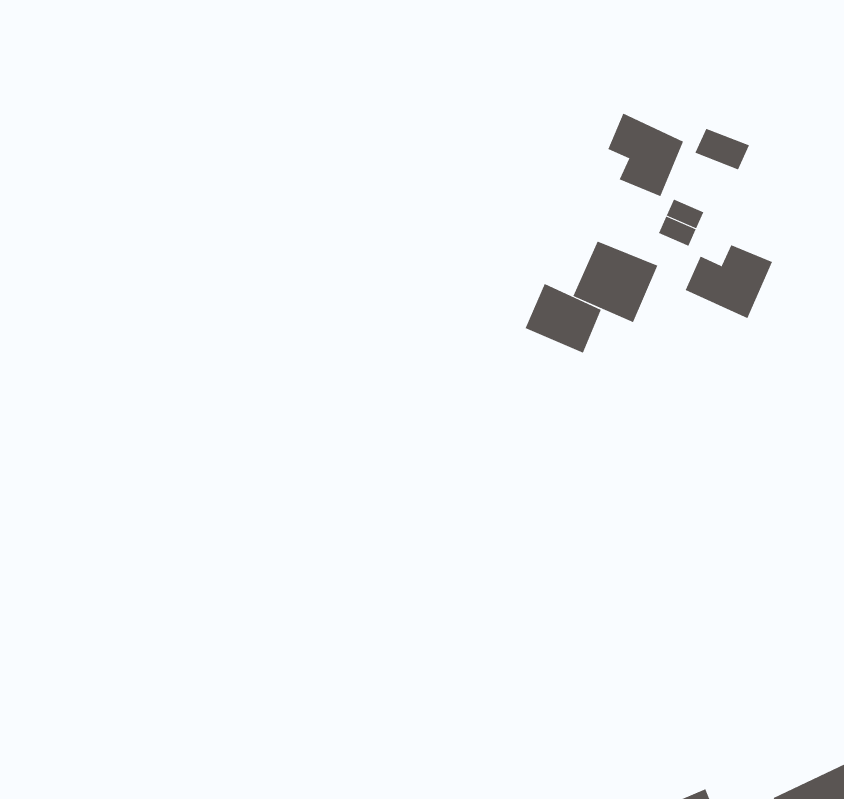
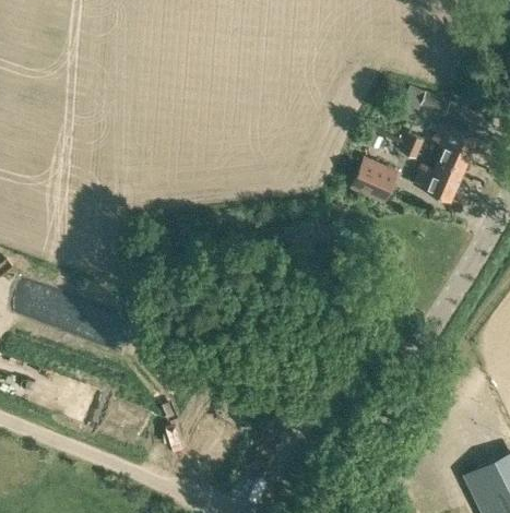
building: [607,113,684,197] -> [434,121,477,169]
building: [525,283,602,354] -> none

